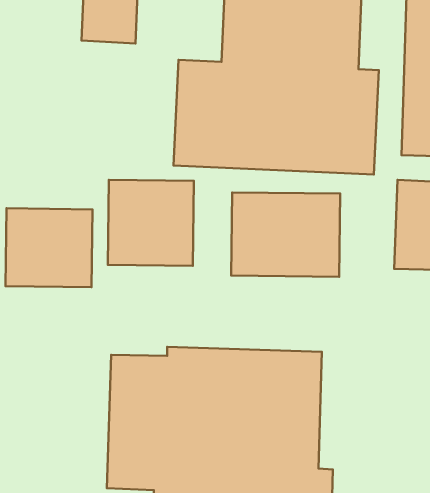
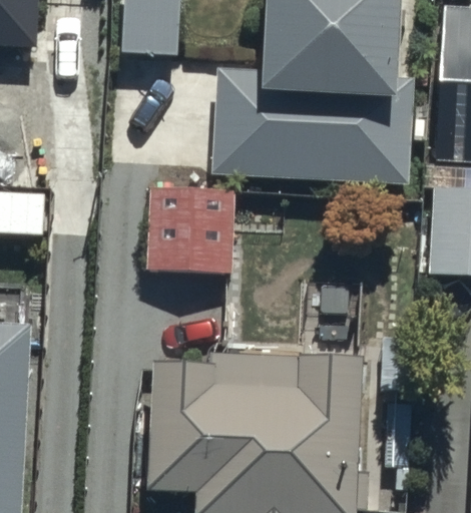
building: [231,192,340,277] -> none
building: [6,208,92,287] -> none

